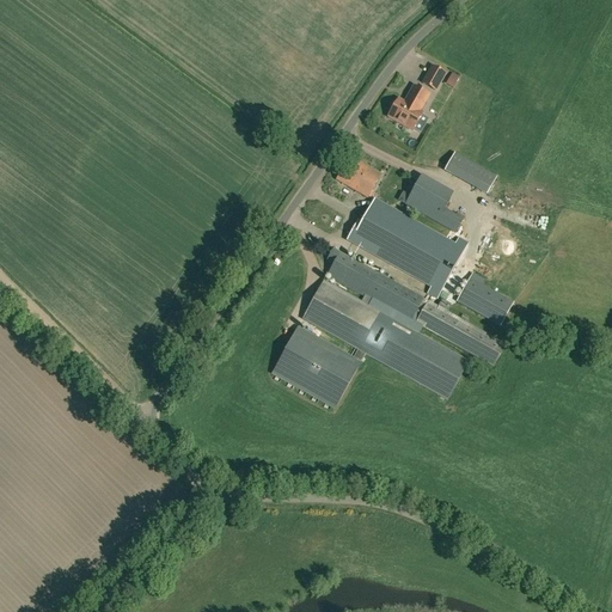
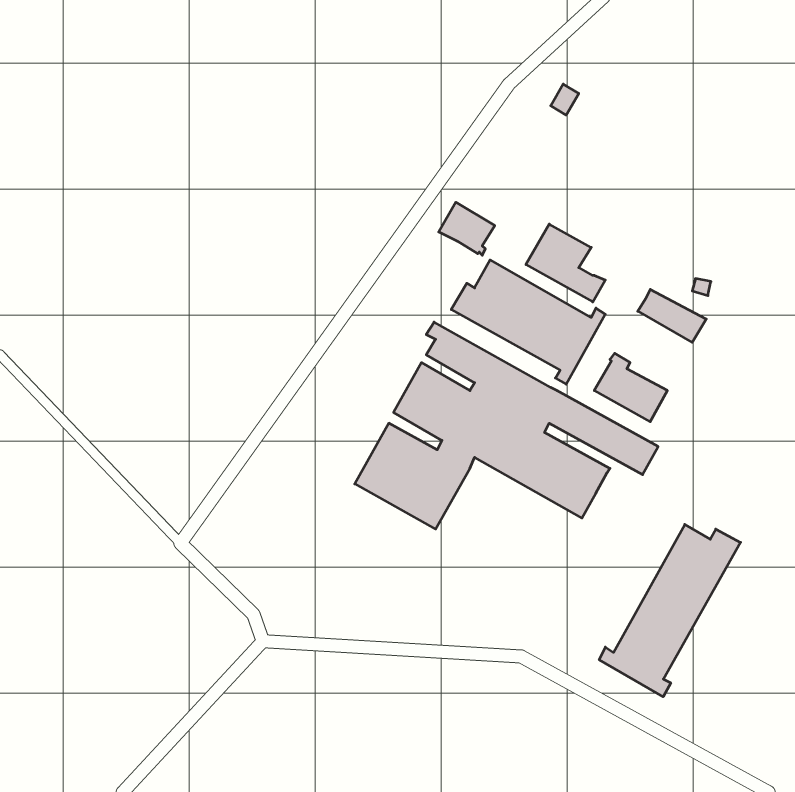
building: [388,84,429,128] -> none
building: [445,152,497,192] -> [638,289,706,342]
building: none -> [599,524,741,697]

